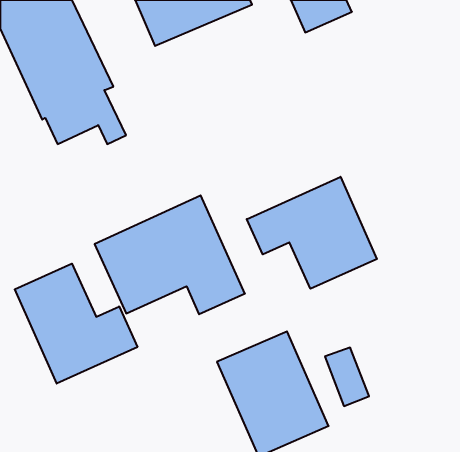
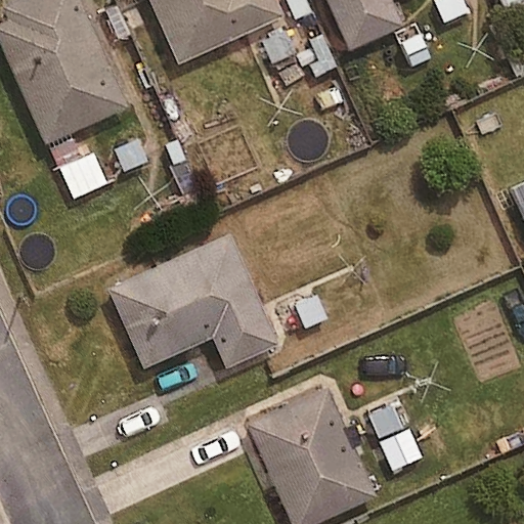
building: [247,177,377,289] -> none
building: [15,264,137,384] -> none

